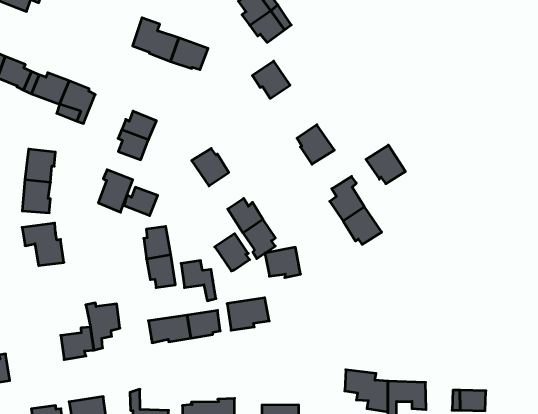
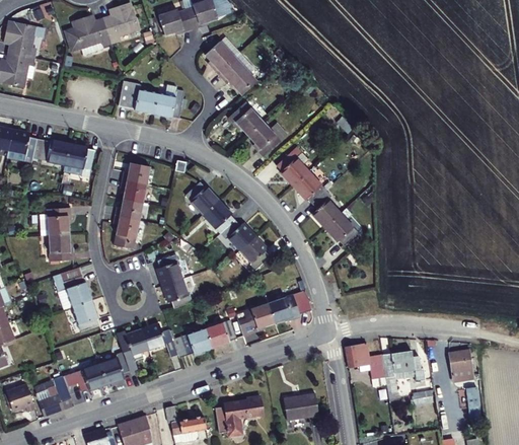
building: none -> [246,119,280,153]
building: [366,145,405,184] -> [291,168,326,202]
building: [124,187,158,216] -> [117,199,144,221]
building: [215,234,250,271] -> [206,202,237,234]
building: [265,247,301,278] -> [269,295,302,323]
building: [181,261,216,301] -> [143,324,177,358]
building: none -> [71,301,98,332]
building: none -> [61,364,105,390]

